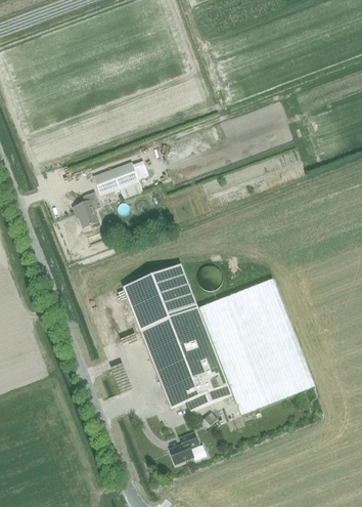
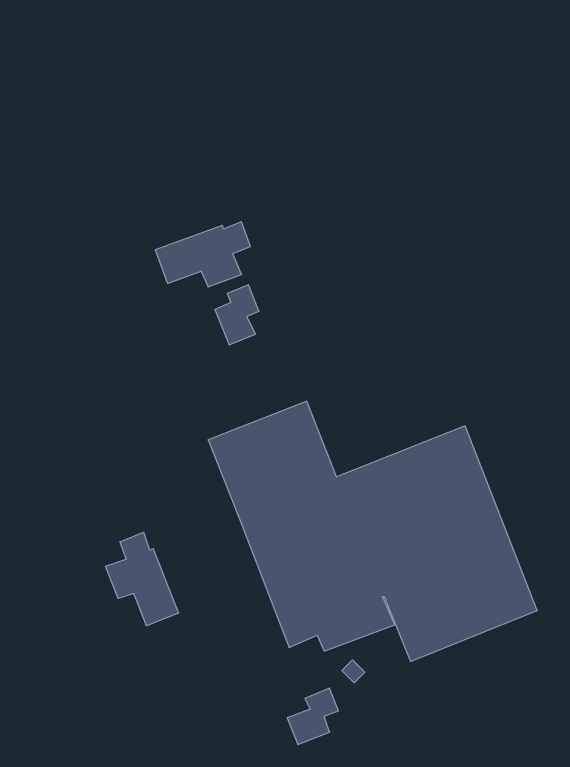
building: [75,191,100,225] -> [215,285,259,345]
building: none -> [105,532,178,626]

